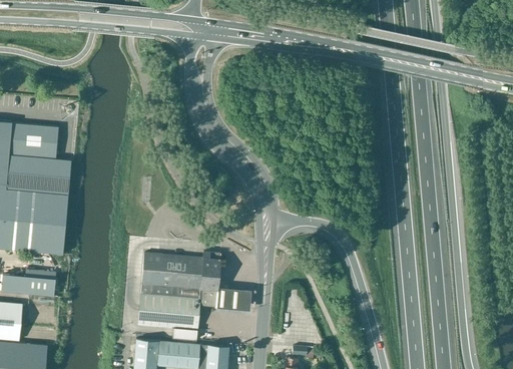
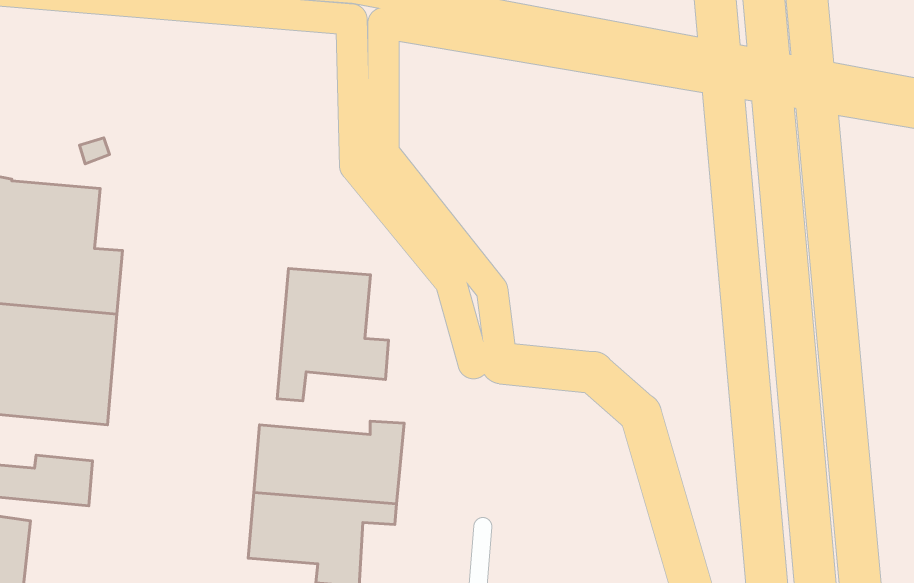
building: none -> [277,269,388,401]
building: [214,284,249,307] -> none

